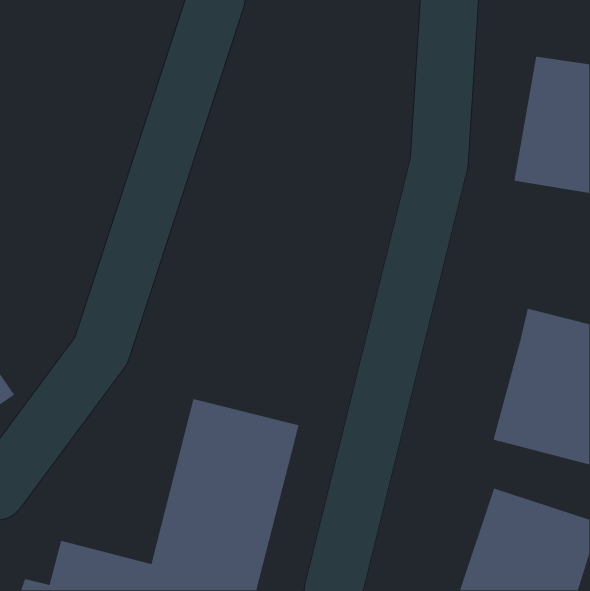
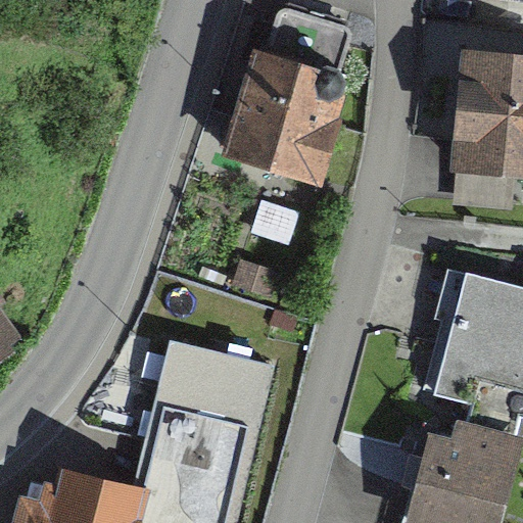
building: none -> [230,20,348,186]

